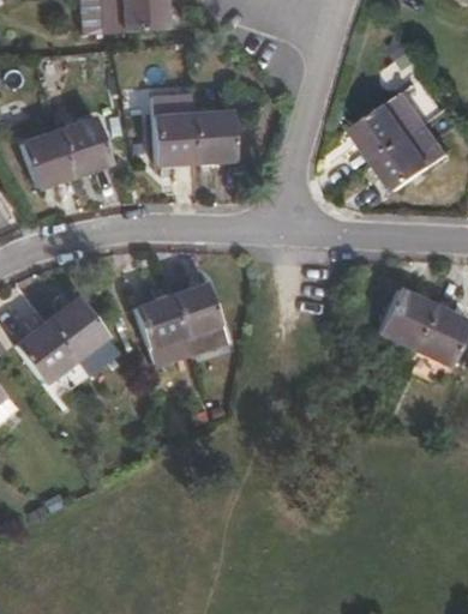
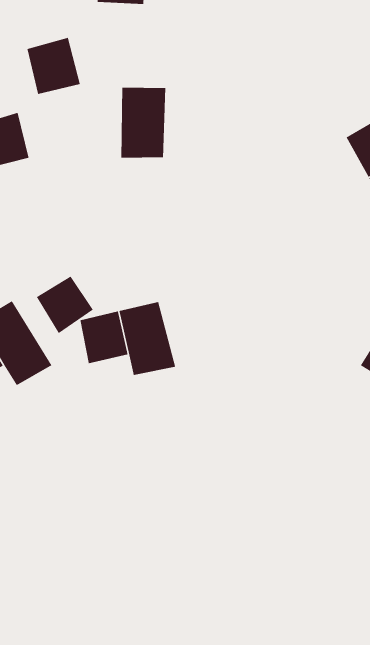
building: [191,113,236,159] -> none
building: [61,119,113,173] -> [26,37,81,95]
building: none -> [36,275,94,334]

